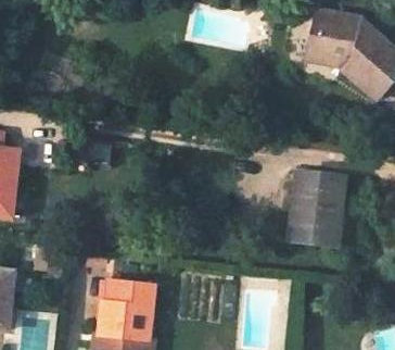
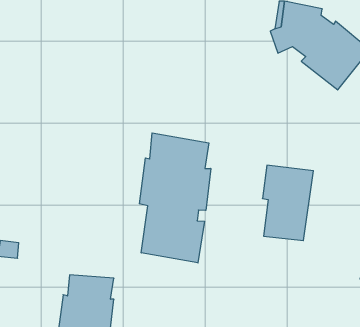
building: none -> [139,133,211,263]

